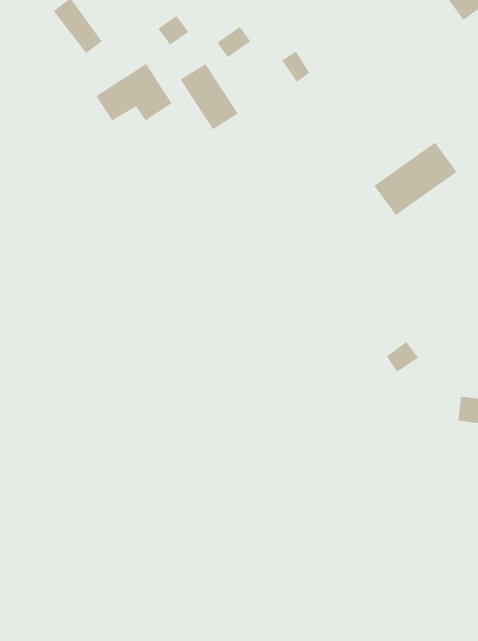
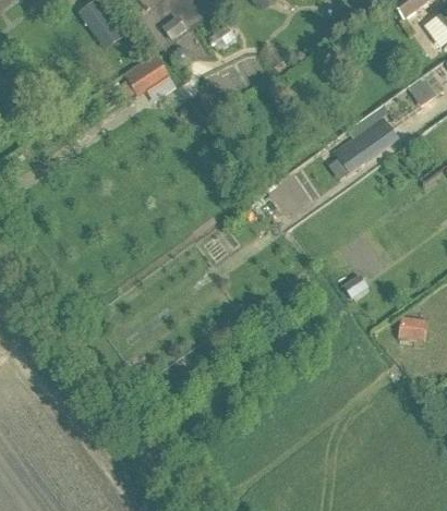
building: [180,63,238,130] -> none

